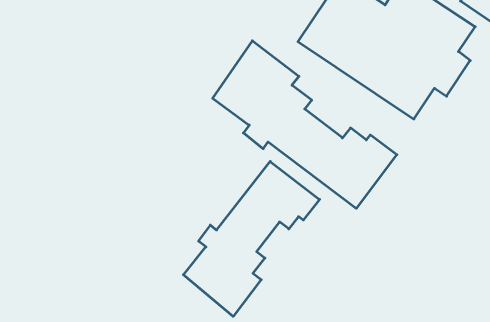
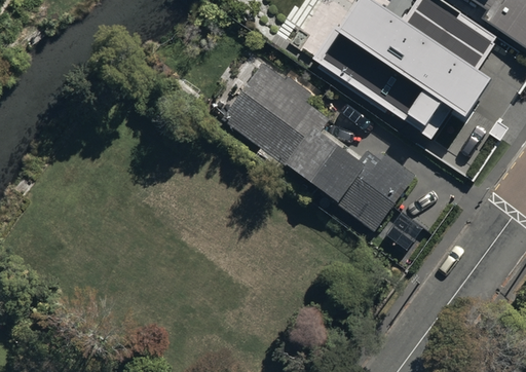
building: [183,161,320,316] -> none

